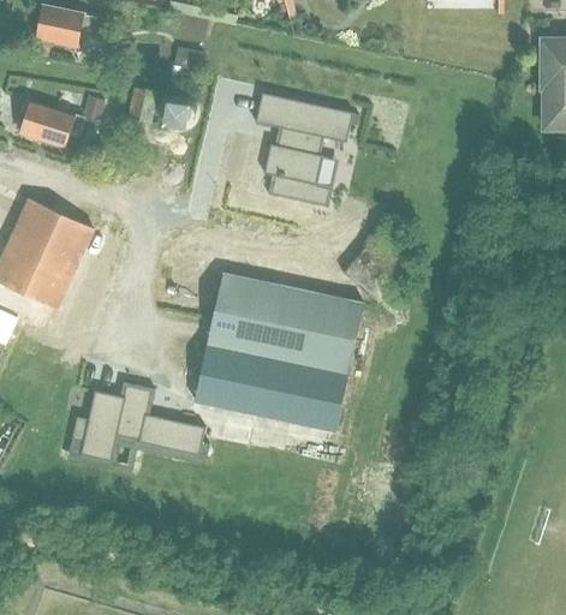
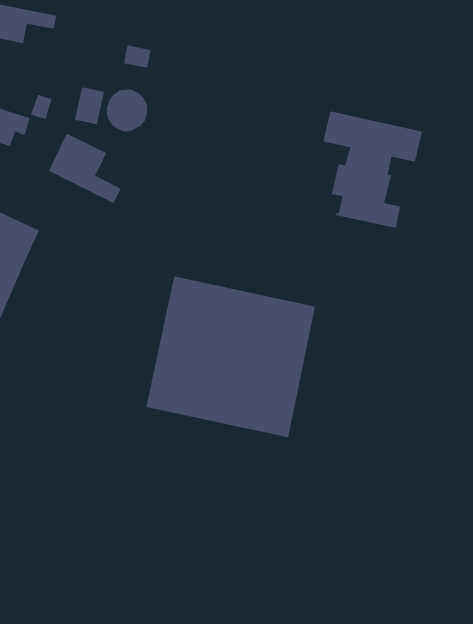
building: [255,92,353,208] -> [322,111,423,229]
building: none -> [48,133,122,204]
building: [72,382,209,461] -> none

